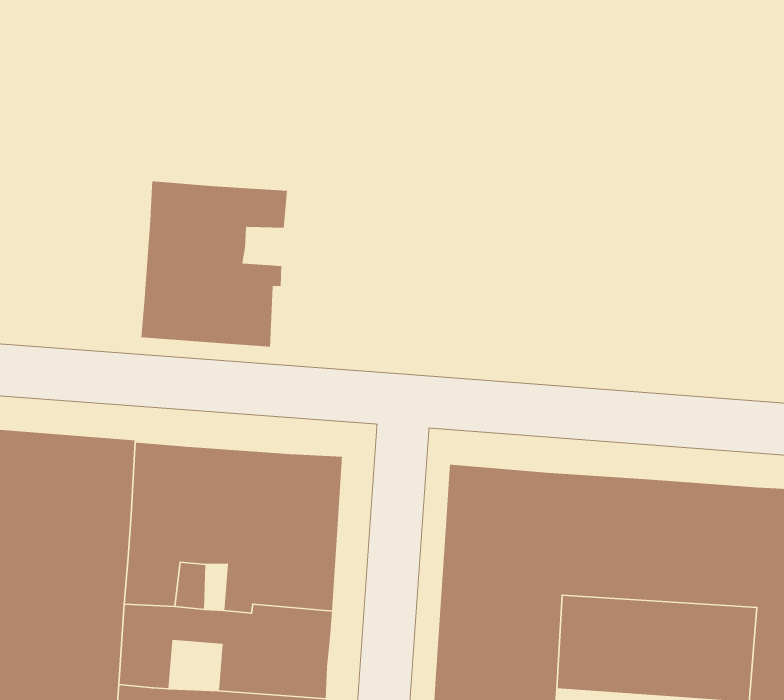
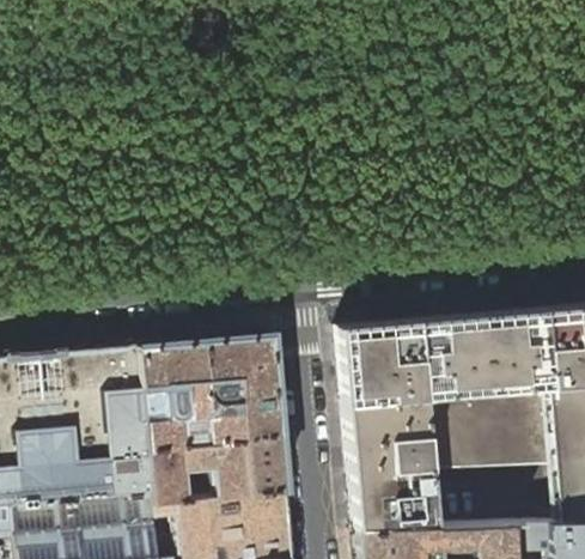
building: [140,180,288,348] -> none

